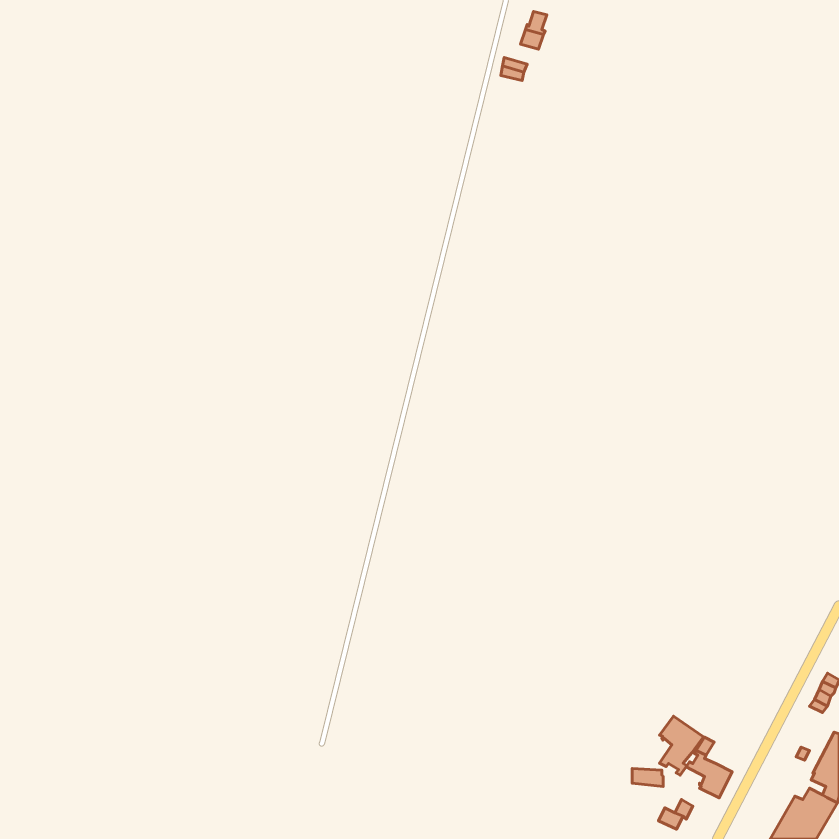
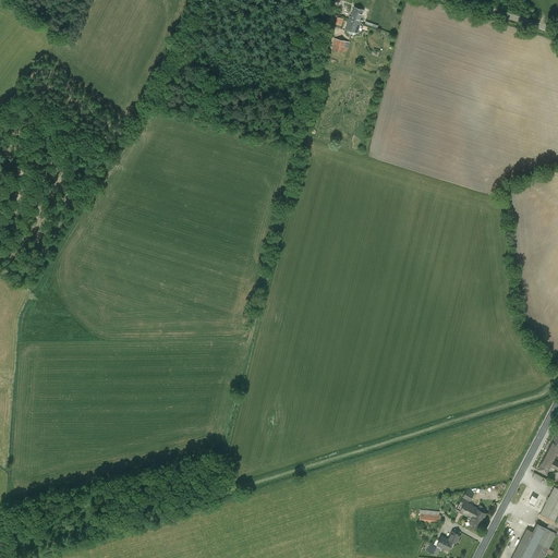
building: [660,716,703,775] -> none

